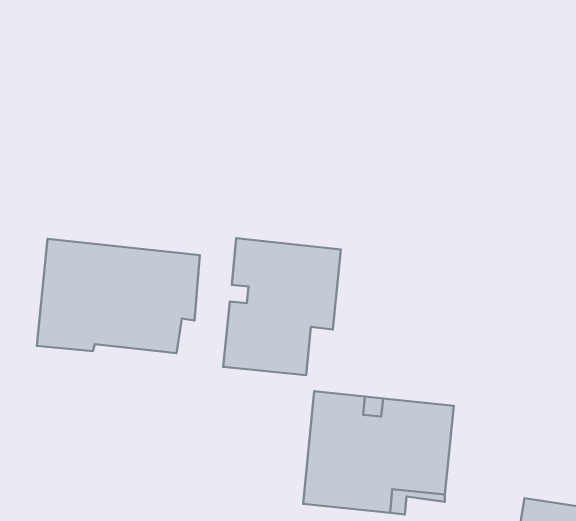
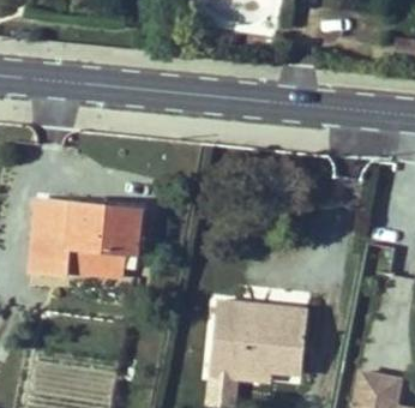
building: [223,238,341,375] -> none

